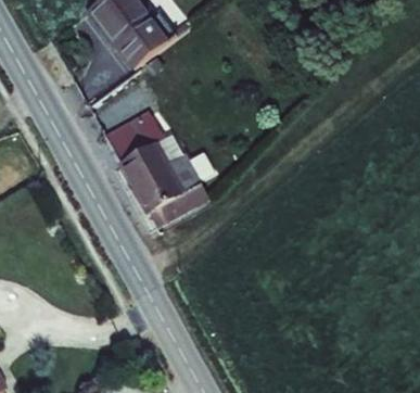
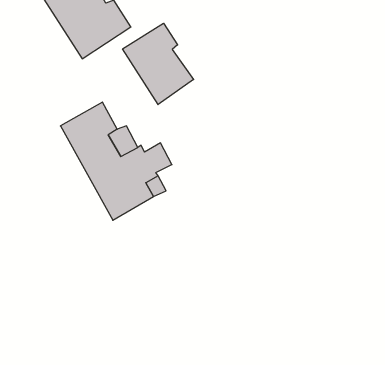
building: none -> [123,23,194,105]

